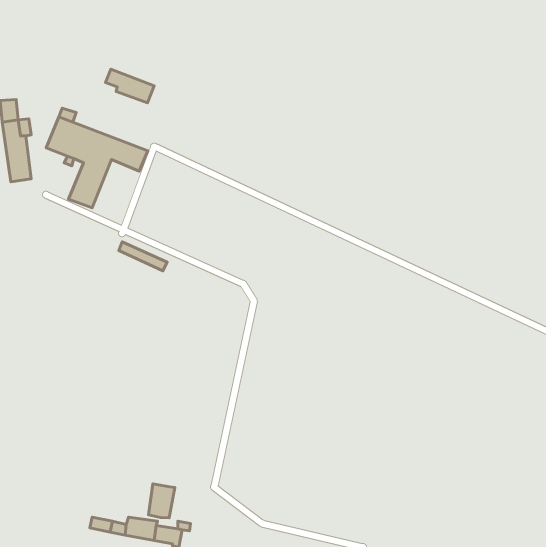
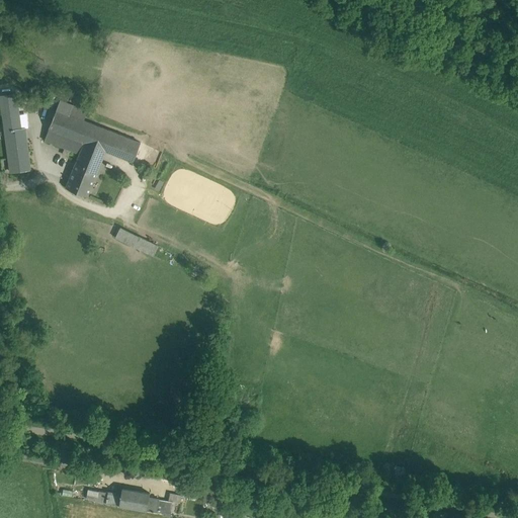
building: [106,69,154,103] -> none
building: [148,484,175,518] -> none

